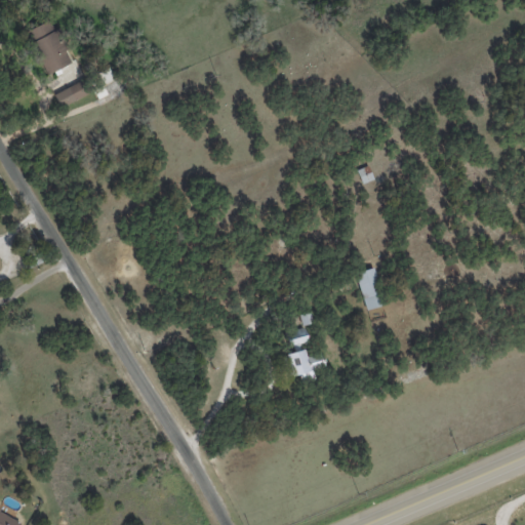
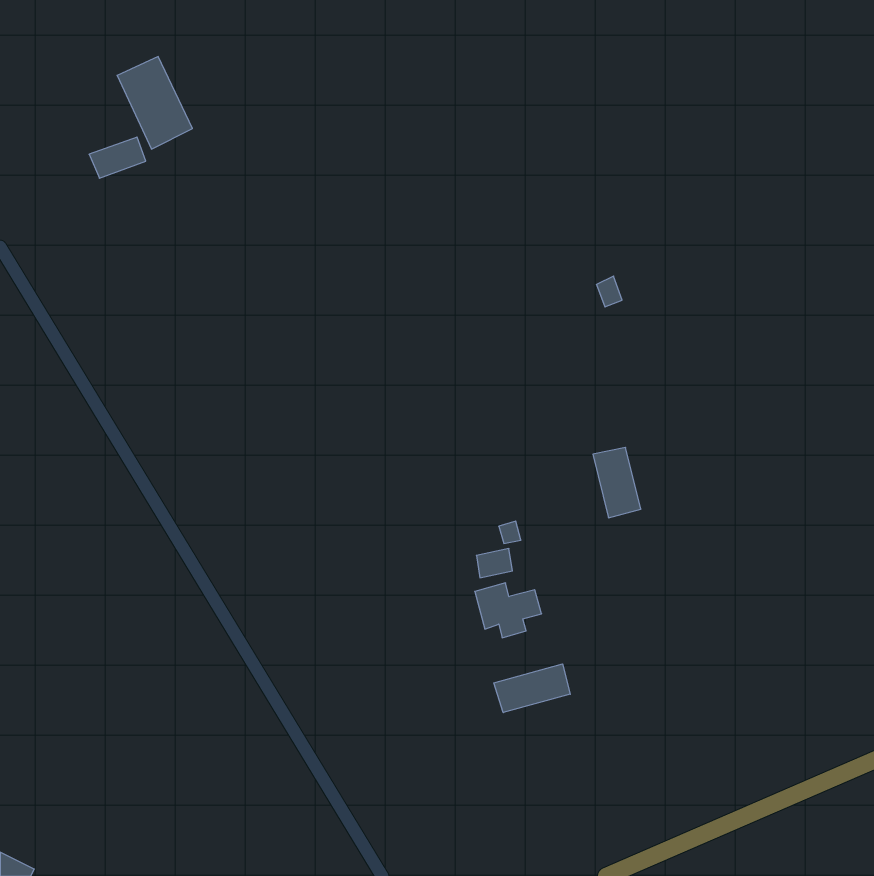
building: [27,19,72,75] -> [117,57,192,149]
building: none -> [494,664,570,713]

